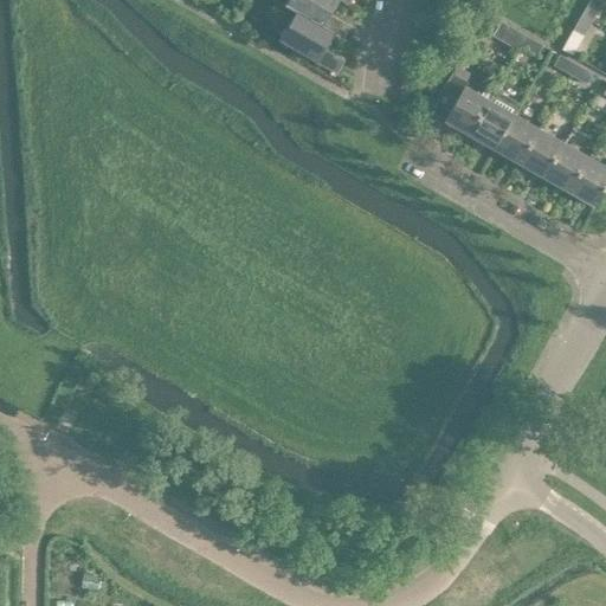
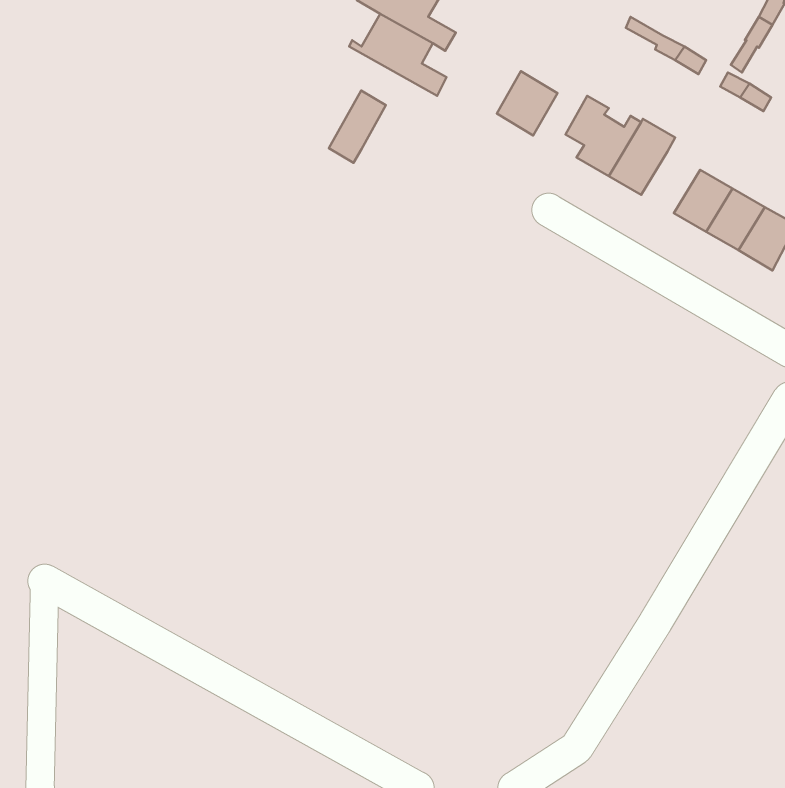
building: none -> [497,71,557,135]
building: none -> [329,90,386,163]
building: [495,116,540,163] -> none

